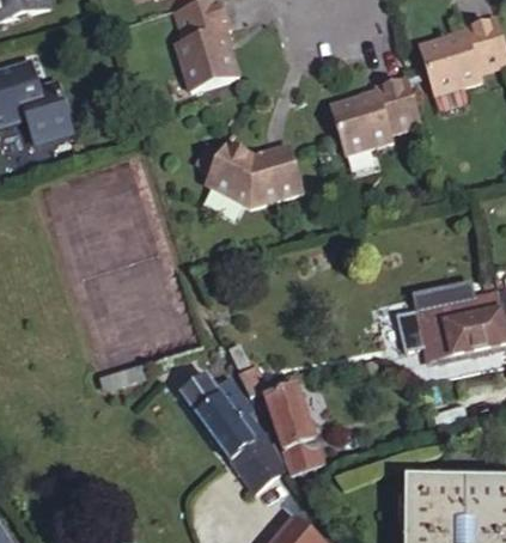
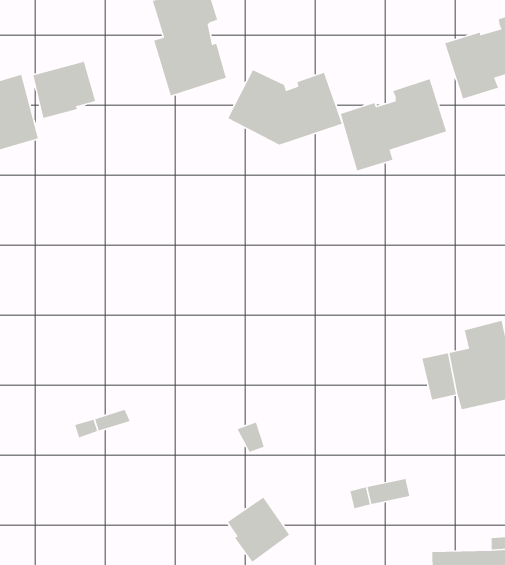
building: none -> [32,61,96,119]
building: [205,148,303,213] -> [227,69,343,145]
building: [182,372,264,457] -> none
building: [268,385,323,469] -> none

